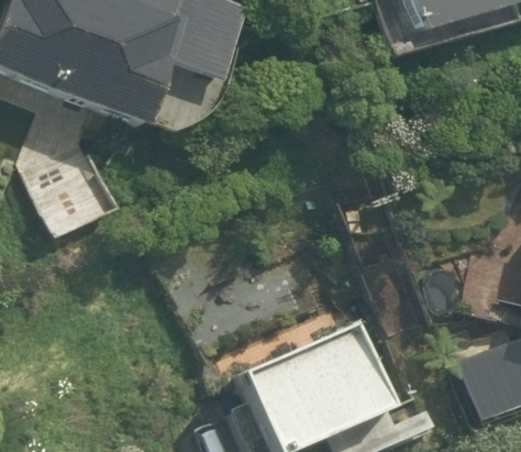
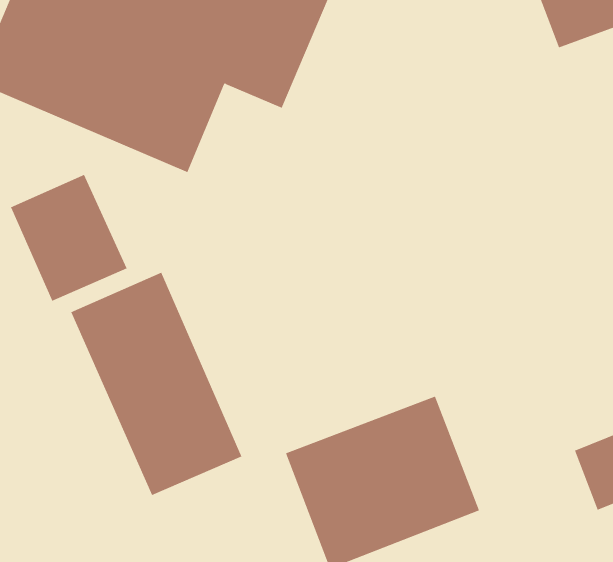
building: none -> [71,272,242,496]

